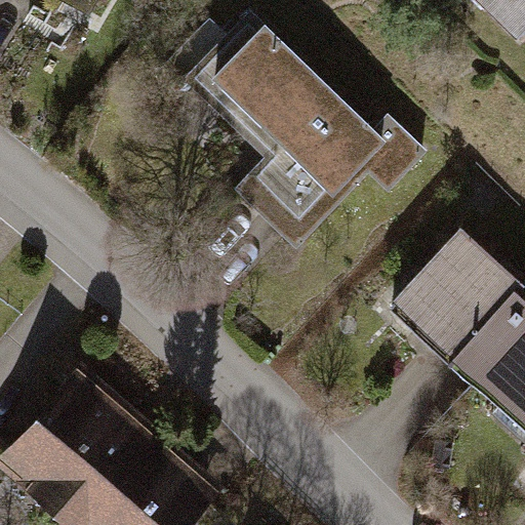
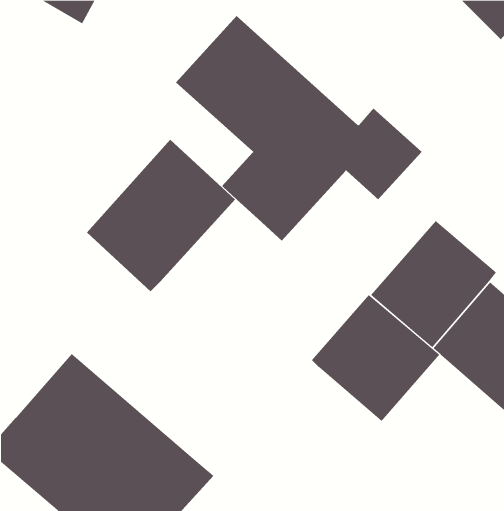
building: none -> [86,139,236,292]
building: none -> [311,294,440,422]

